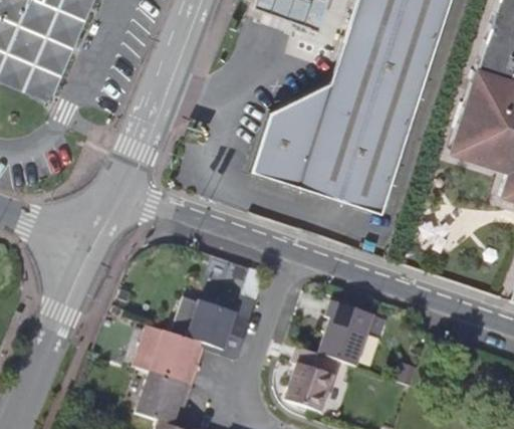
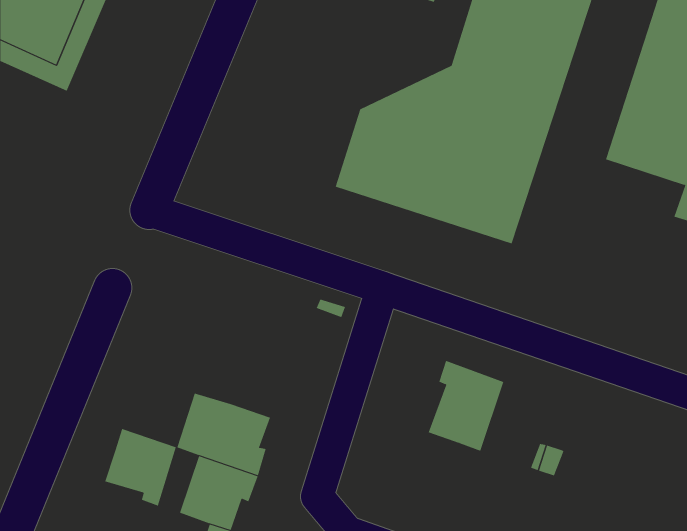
building: [174,294,257,359] -> none
building: [284,346,341,412] -> none
building: none -> [104,428,177,507]

